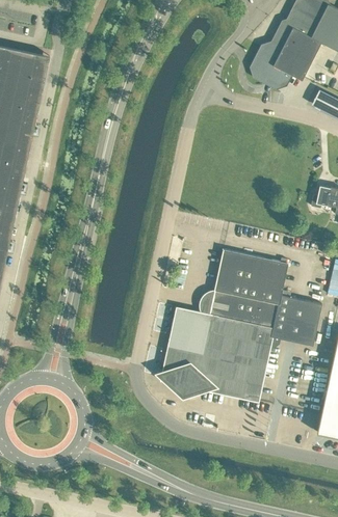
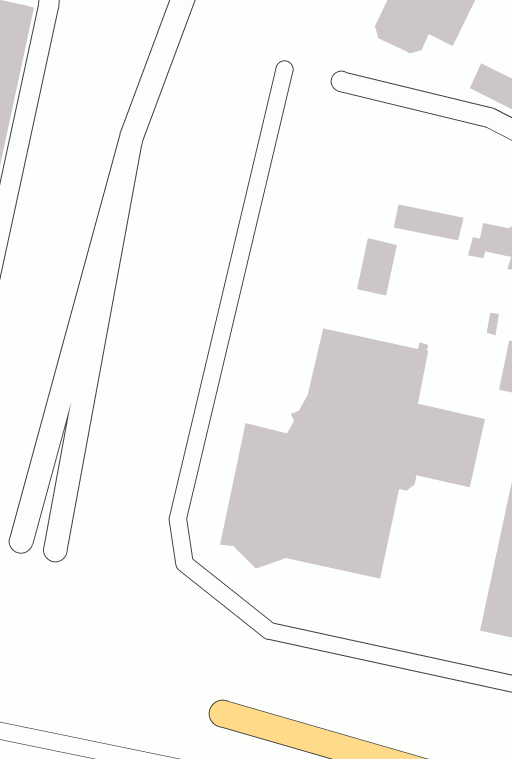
building: none -> [393,204,464,241]
building: none -> [357,237,397,296]

